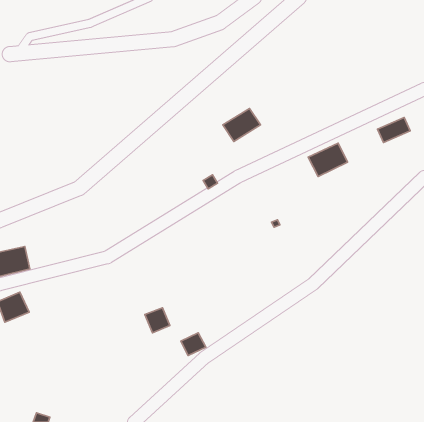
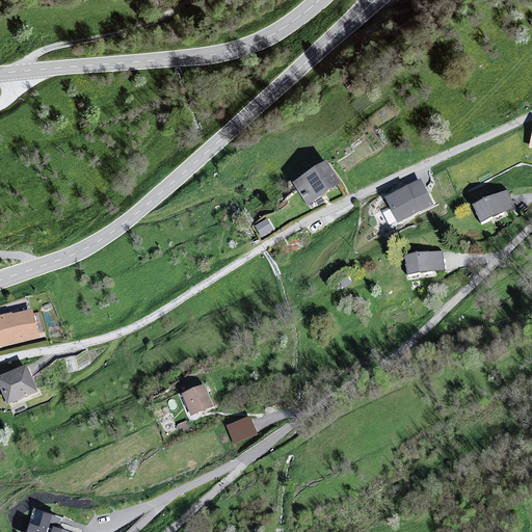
building: [223,108,260,142] -> [294,162,341,204]
building: [378,118,410,143] -> [473,189,513,220]
building: none -> [403,249,444,273]

